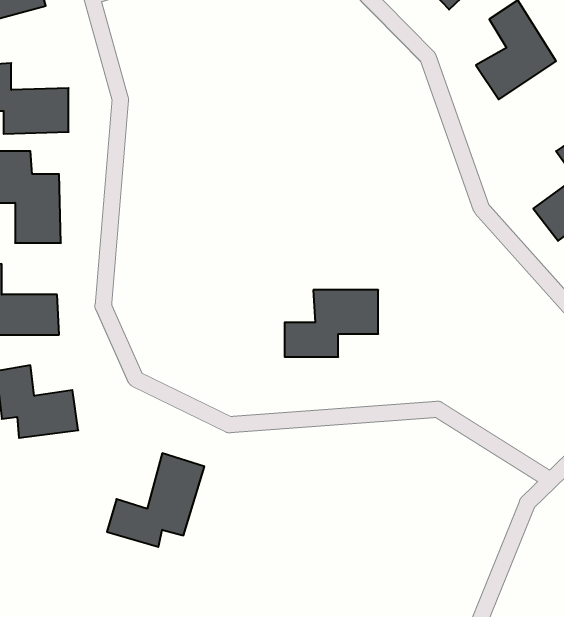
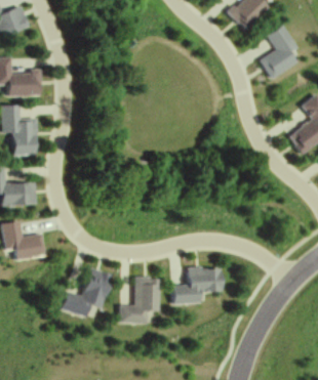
building: [285,290,378,357] -> [172,267,223,303]
building: none -> [119,277,160,324]

